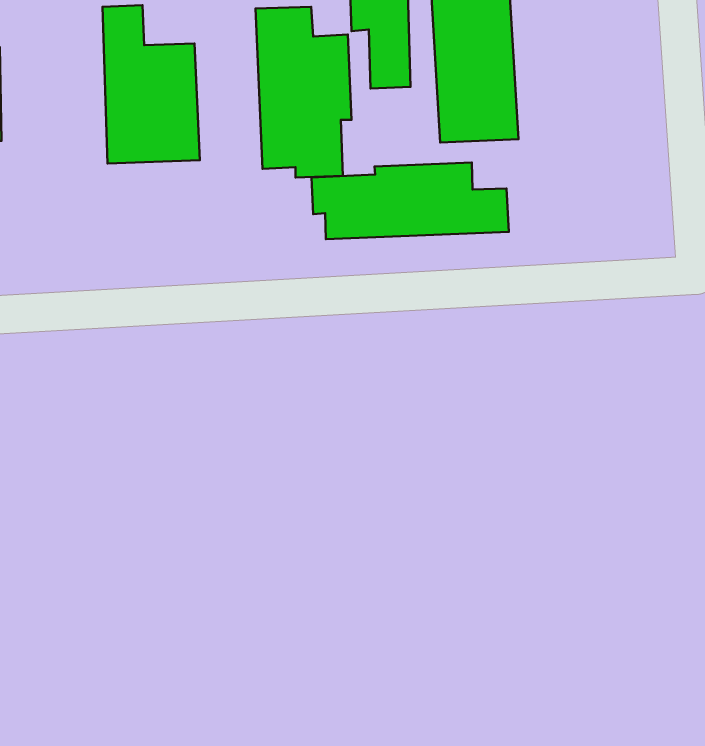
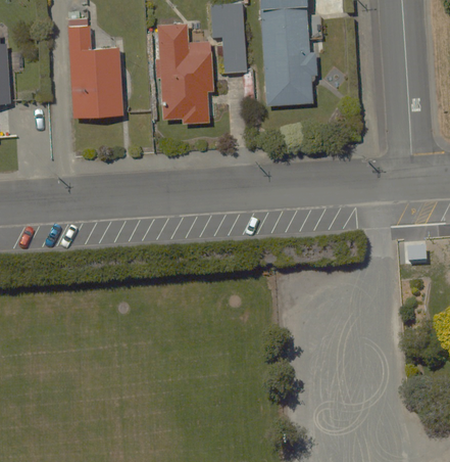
building: [312,163,509,239] -> none

